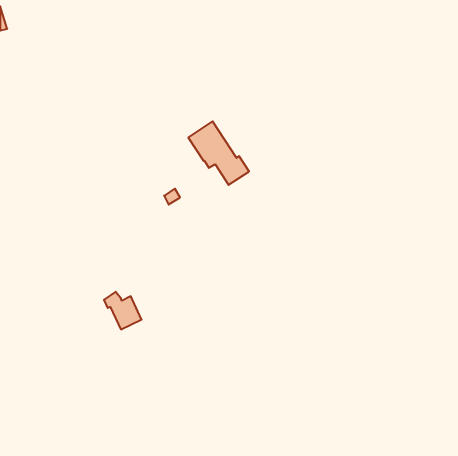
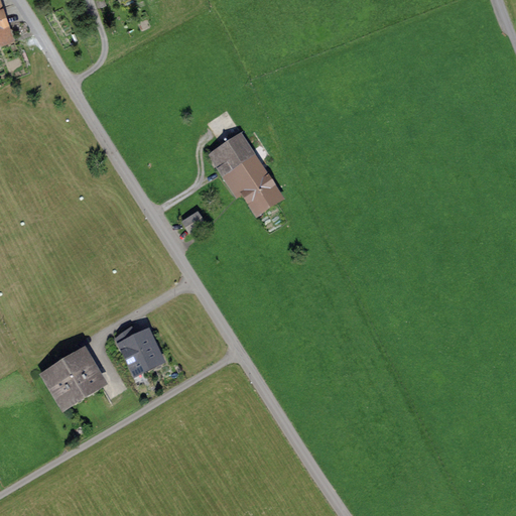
building: none -> [46,353,102,406]

